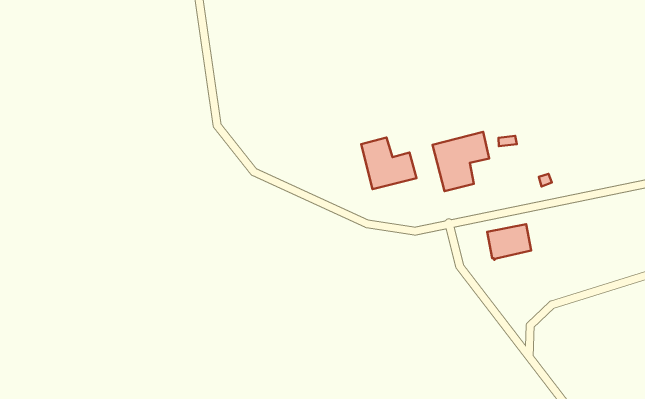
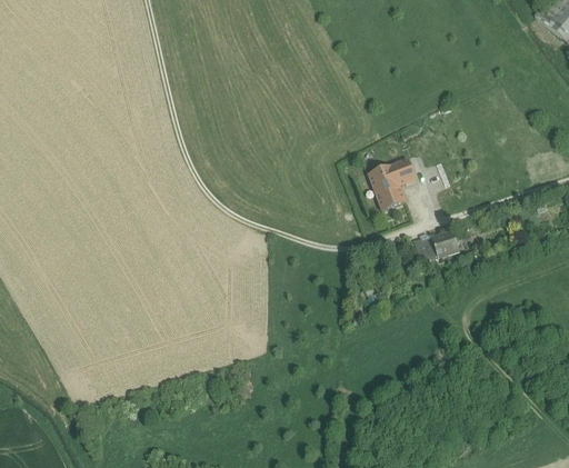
building: [361,137,416,189] -> none

